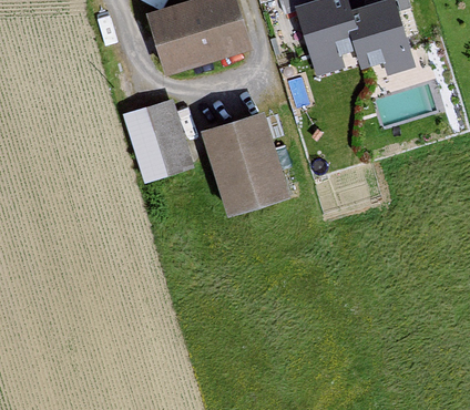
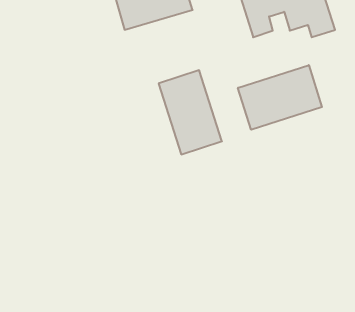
building: [127,103,187,183] -> none
building: none -> [238,65,322,130]

